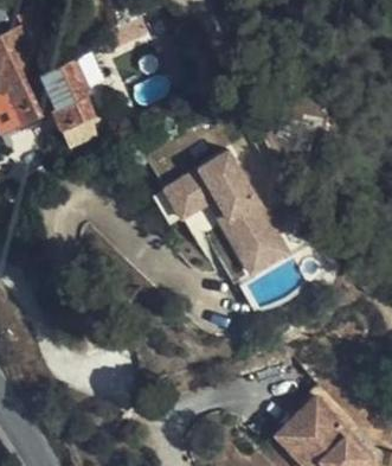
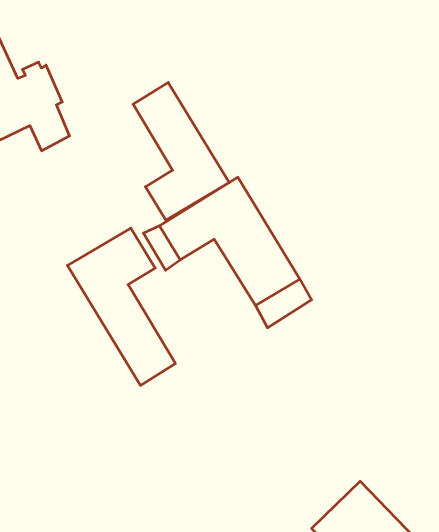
building: none -> [133,82,229,220]
building: none -> [67,228,175,385]

